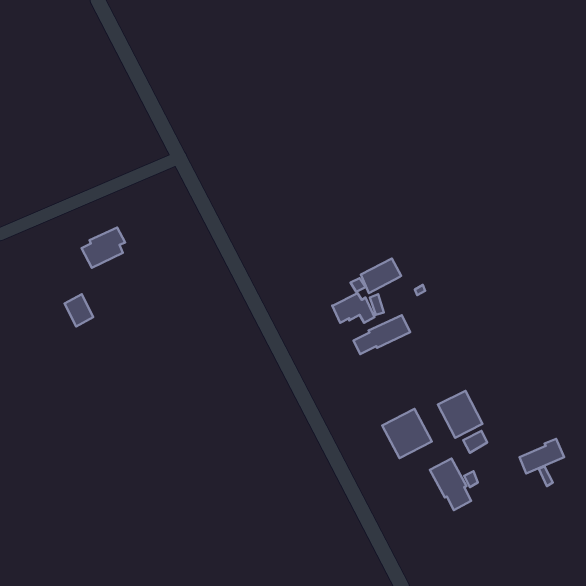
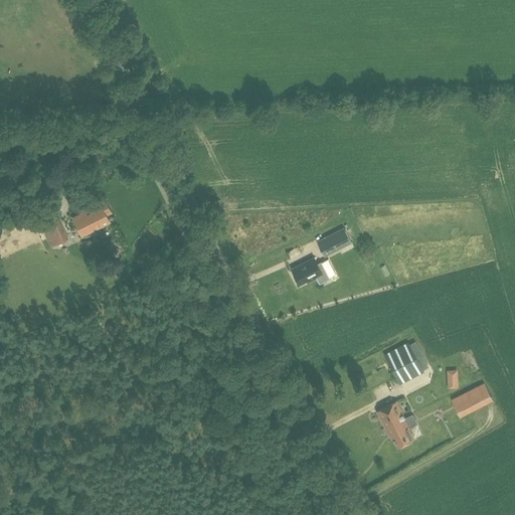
building: [65,294,93,326] -> [40,219,65,247]
building: [353,315,410,354] -> none
building: [382,409,432,458] -> none

